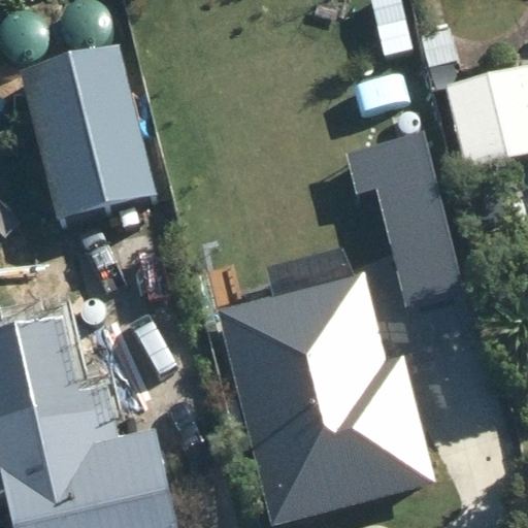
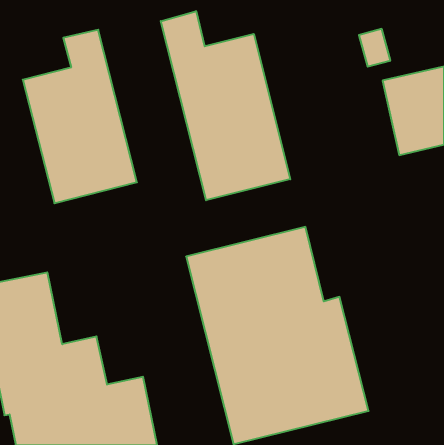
building: none -> [161,11,290,200]
building: [344,133,460,311] -> none

